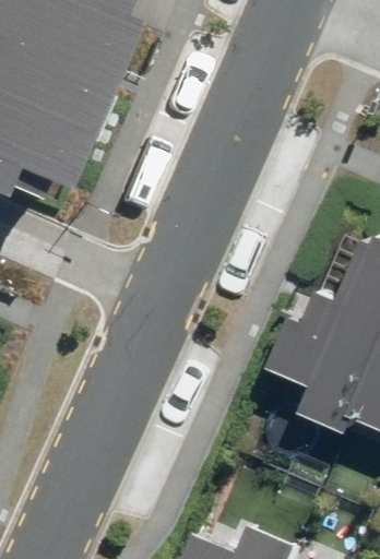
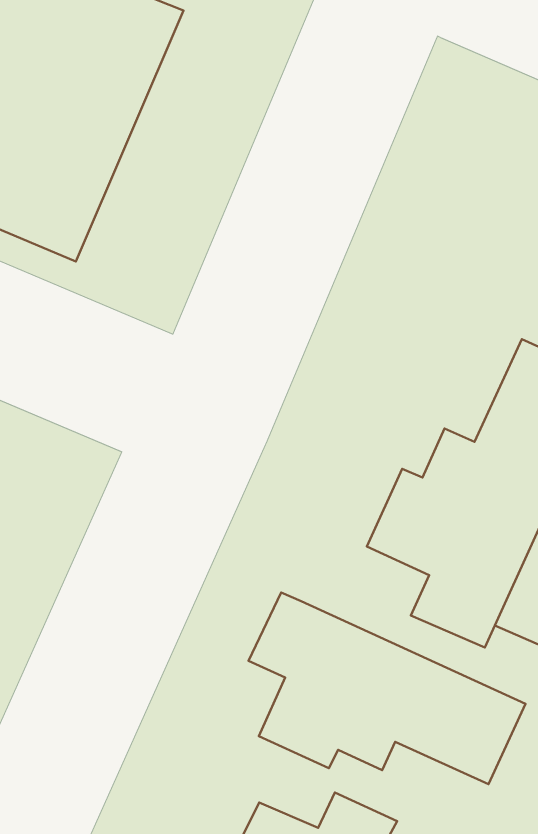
building: none -> [249,592,526,784]

